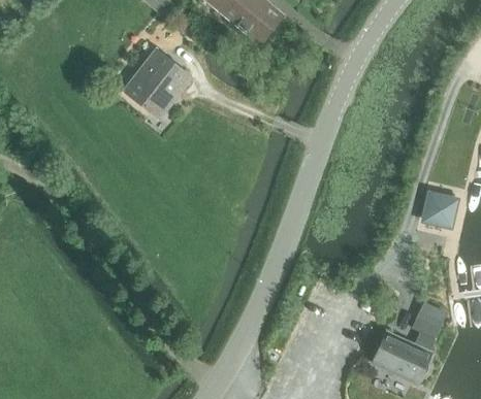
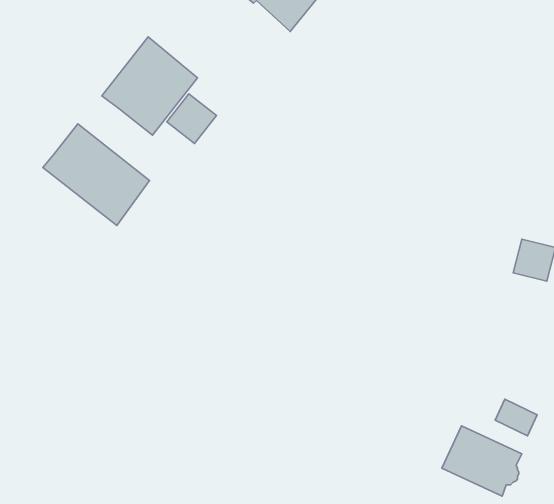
building: none -> [167,94,216,143]
building: none -> [43,124,150,226]

